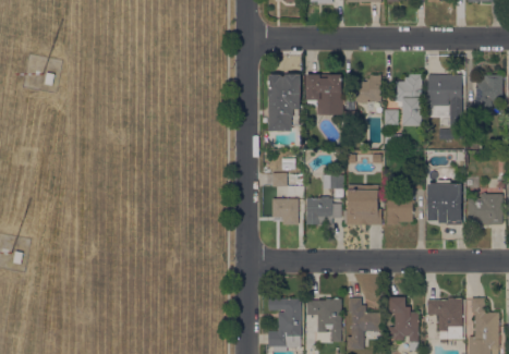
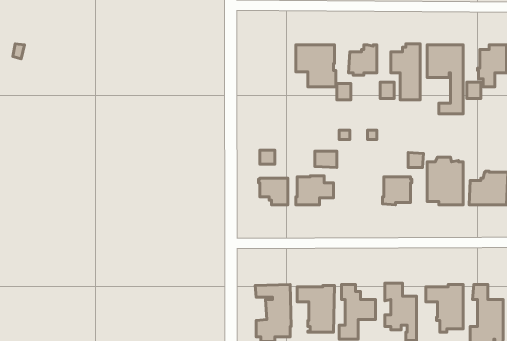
building: [269,73,300,130] -> none
building: [347,184,383,224] -> none

